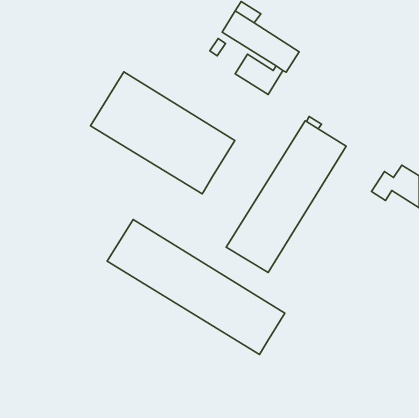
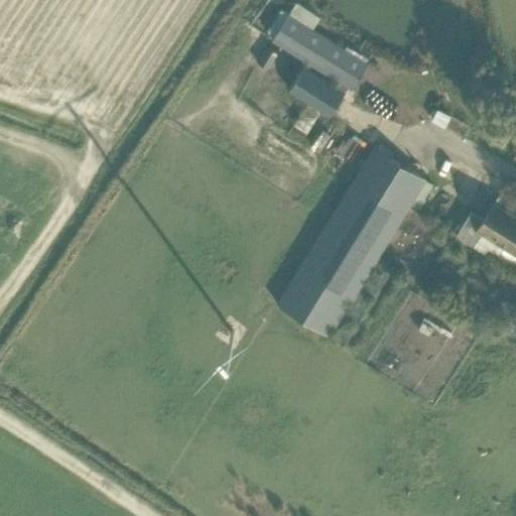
building: [90,72,235,194] -> none
building: [107,219,285,354] -> none

